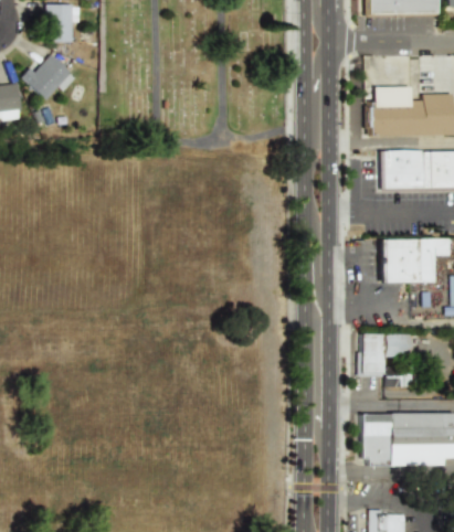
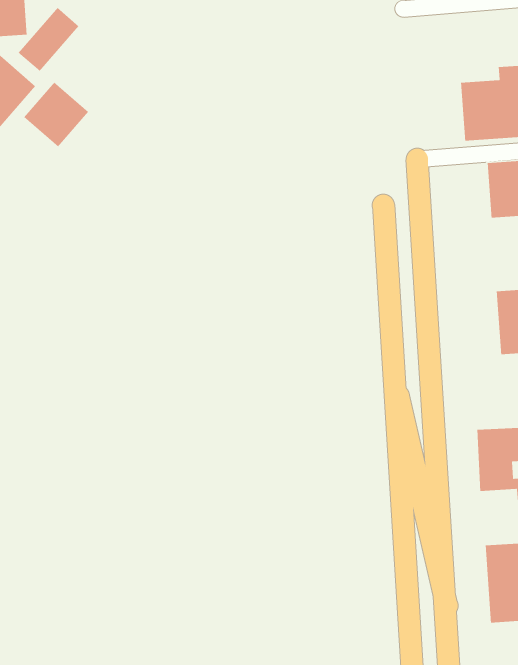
building: none -> [18,7,80,72]
building: none -> [23,82,89,147]

